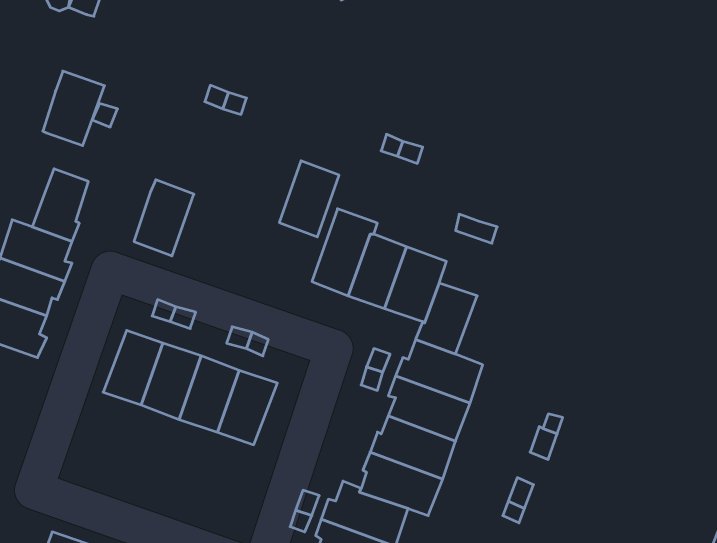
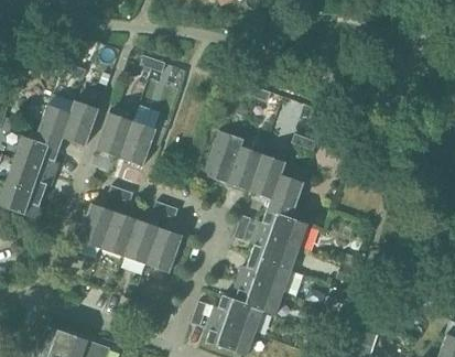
building: [43,71,105,146] -> [61,100,98,145]
building: [279,161,339,237] -> [119,120,155,166]

